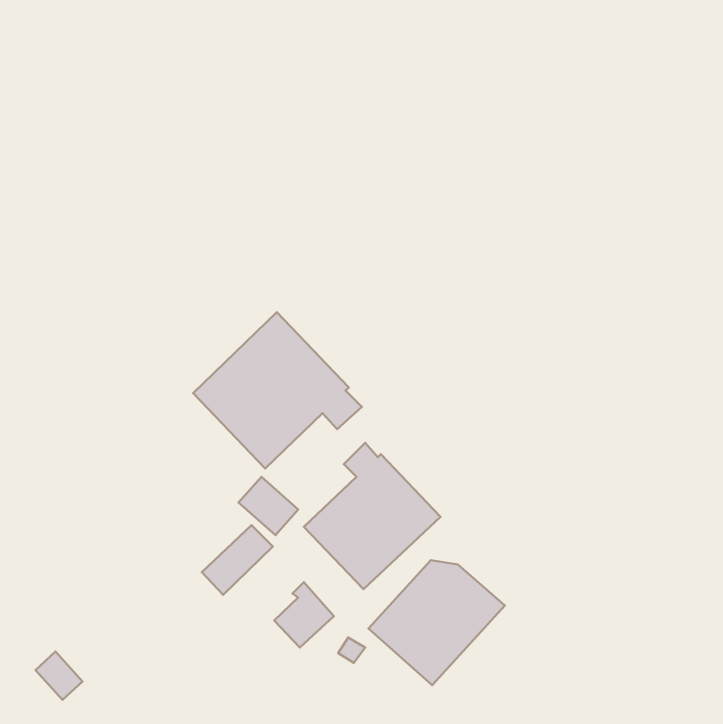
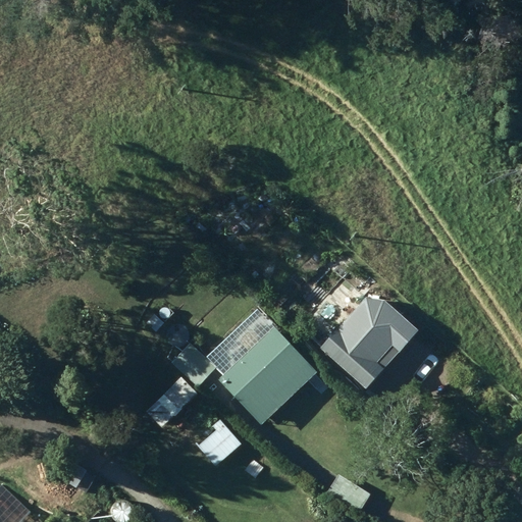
building: [193,312,362,469] -> none
building: [368,560,505,685] -> [320,298,418,387]

